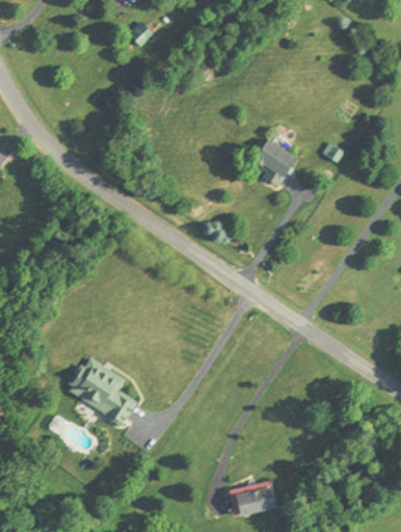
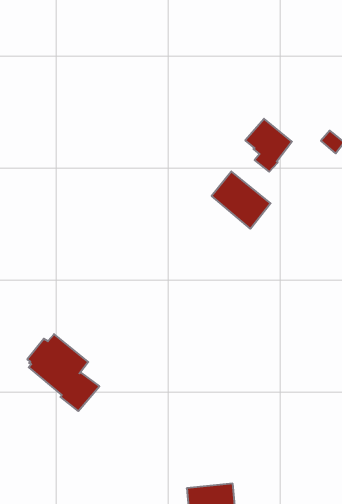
building: none -> [212,171,271,229]

